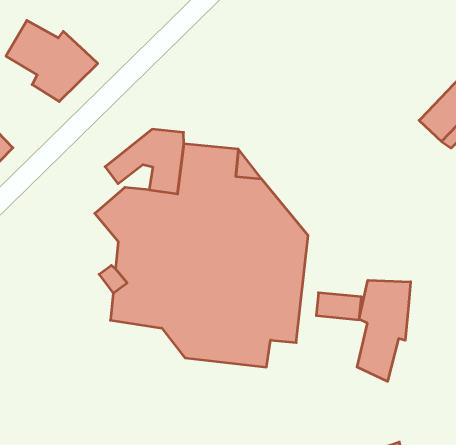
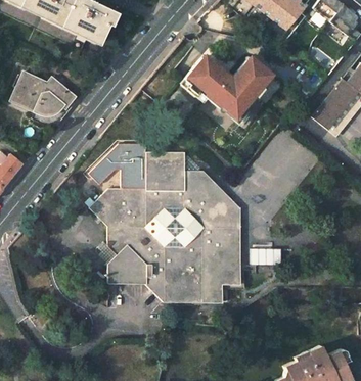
building: none -> [185,57,271,120]
building: [357,280,411,381] -> none

